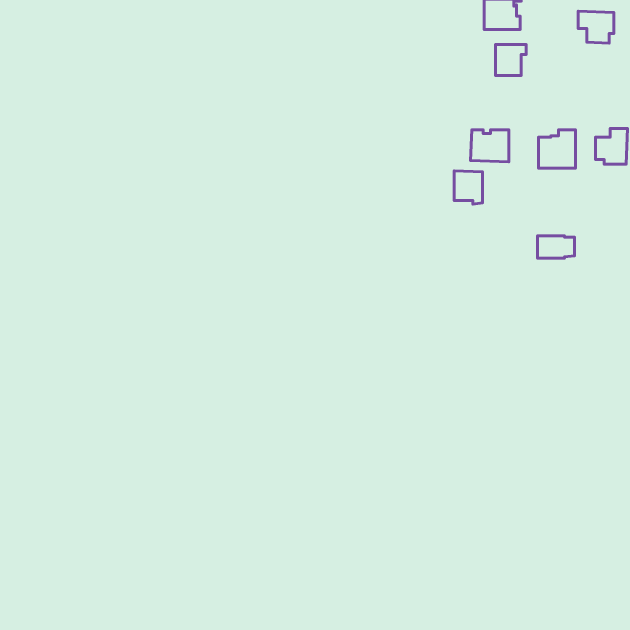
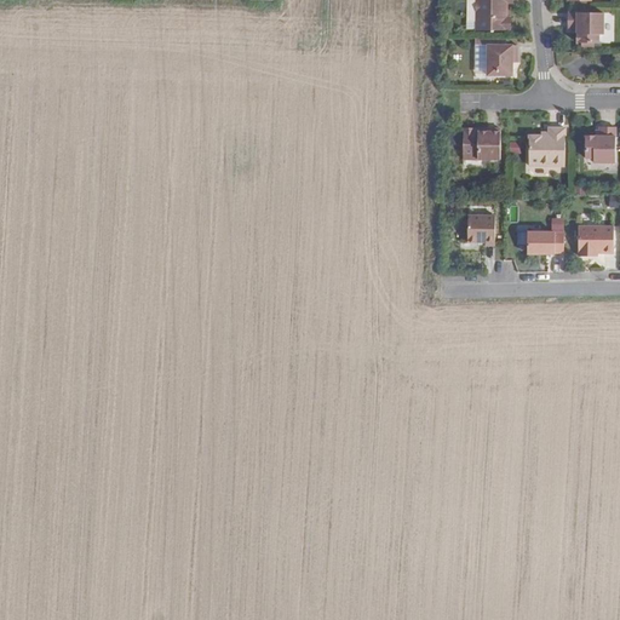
building: [454,171,483,204] -> [466,213,494,246]
building: none -> [578,225,613,256]

